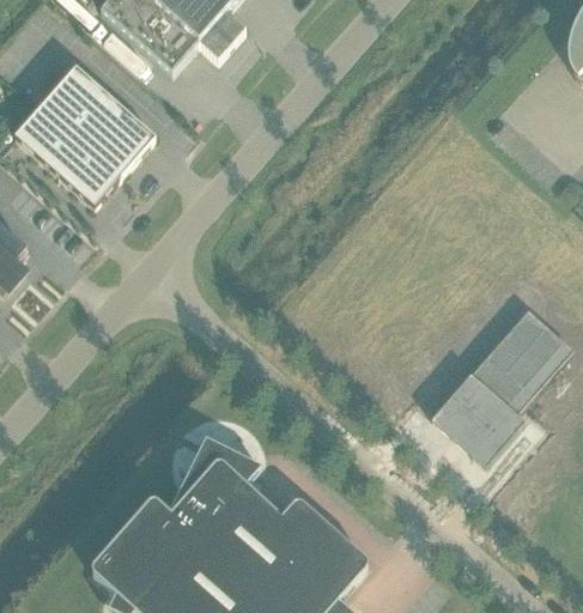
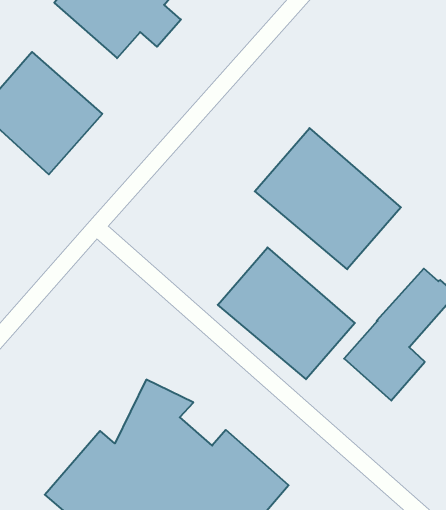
building: none -> [255,128,401,269]
building: none -> [218,247,355,379]

